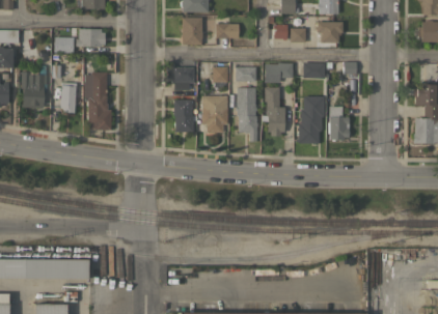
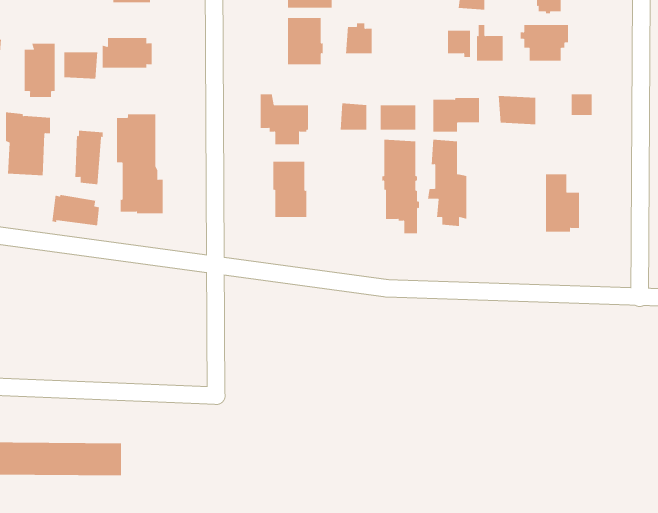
building: none -> [24,43,55,98]
building: [202,95,228,133] -> none
building: [297,96,325,144] -> none
building: none -> [52,194,100,226]

